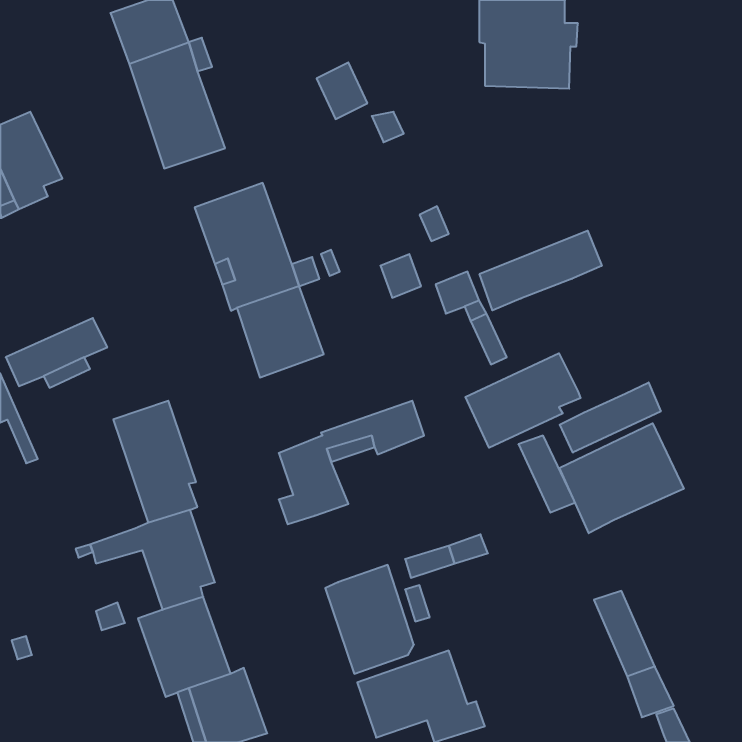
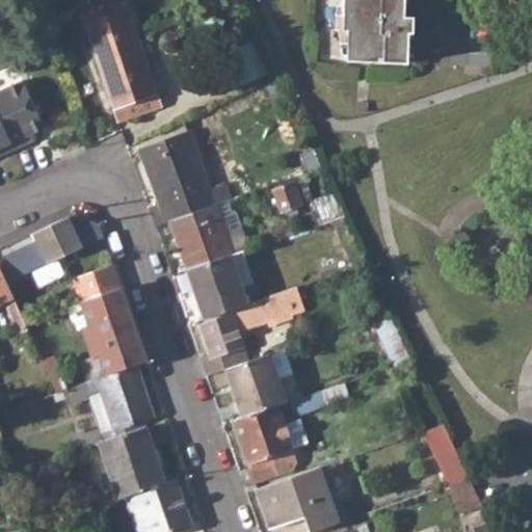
building: [480,231,602,310] -> none
building: [465,353,581,448] -> none
building: none -> [186,255,247,319]
building: none -> [74,264,121,300]
building: [560,382,661,453] -> none
building: [560,423,684,533] -> none
building: none -> [225,353,287,417]

